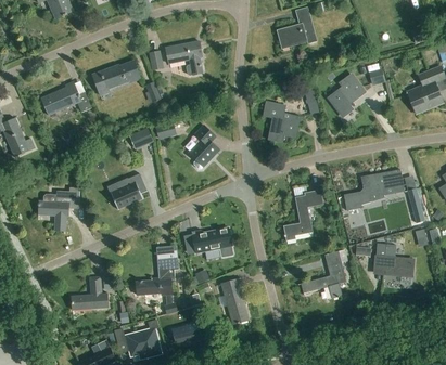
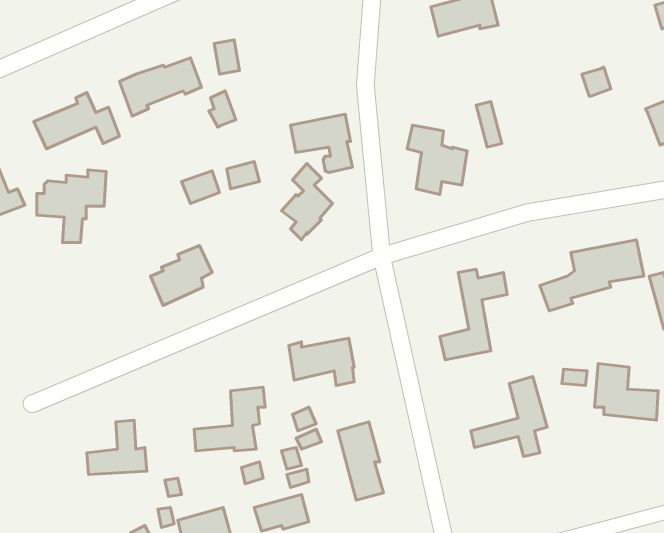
building: [166,40,203,75] -> [291,114,352,173]
building: [328,74,364,116] -> none
building: [38,186,79,230] -> [37,170,106,243]

